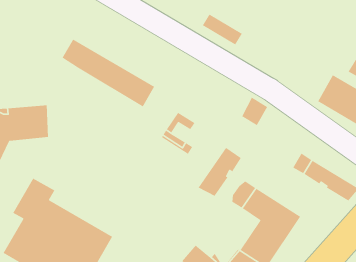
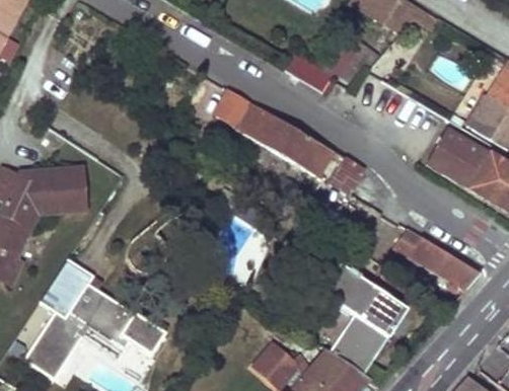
building: [61,39,155,107] -> [215,89,334,176]
building: [198,147,242,197] -> none

